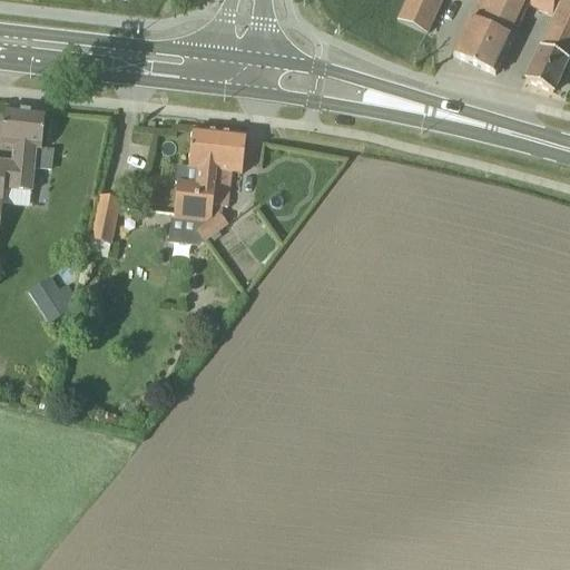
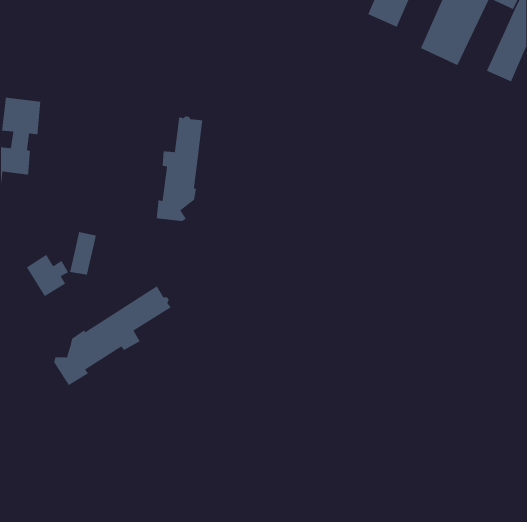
building: [196,129,246,239] -> none
building: [89,194,119,242] -> [69,231,97,275]
building: none -> [53,285,172,386]

